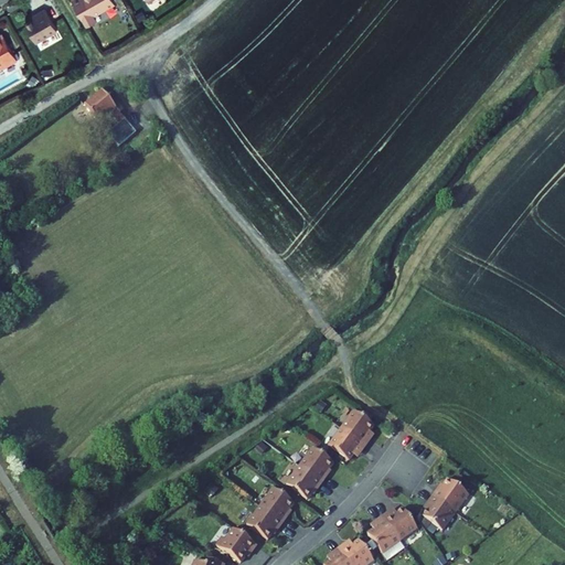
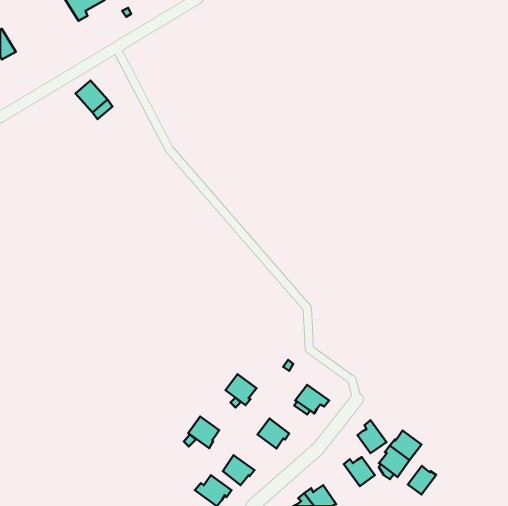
building: [26,7,57,41] -> none
building: [341,411,373,445] -> none
building: [299,447,333,481] -> [226,374,256,405]
building: [259,487,294,522] -> [188,416,219,448]
building: [367,515,399,552] -> [358,420,386,453]
building: none -> [408,466,436,495]

